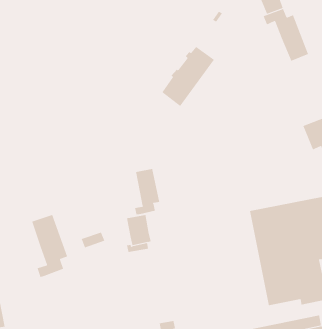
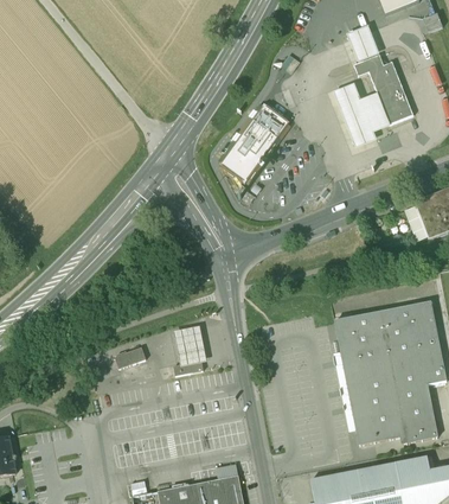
building: none -> [333,83,389,147]
building: [135,168,160,215] -> none
building: [32,214,68,278] -> none

